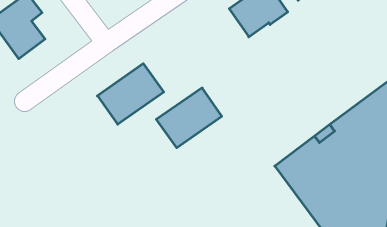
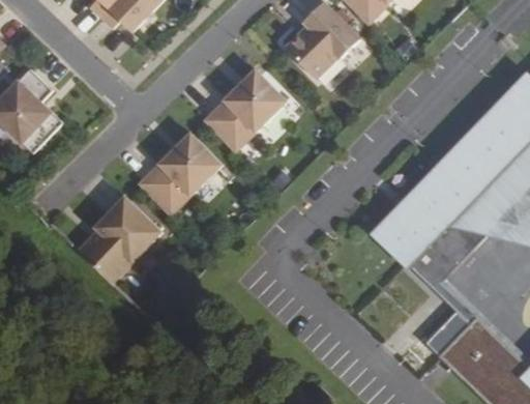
building: [156,88,222,148] -> [206,68,287,148]
building: none -> [76,196,157,281]

